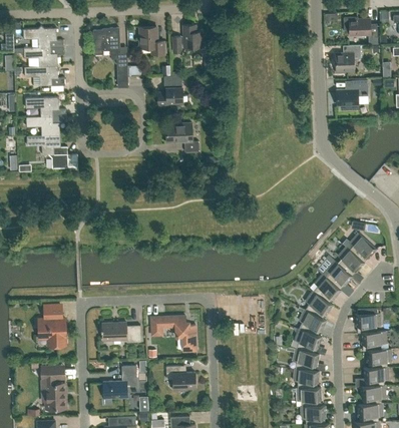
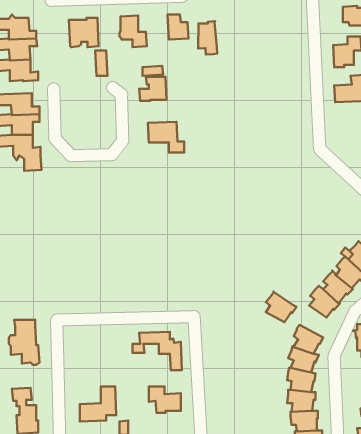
building: none -> [198,21,217,55]
building: [305,291,333,319] -> [266,291,296,322]
building: [101,323,141,342] -> none

